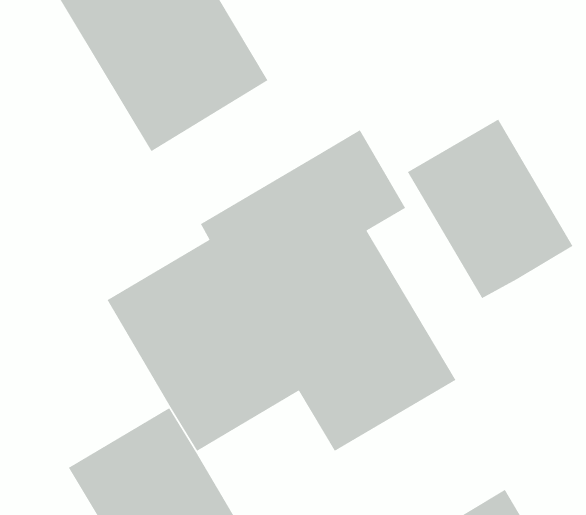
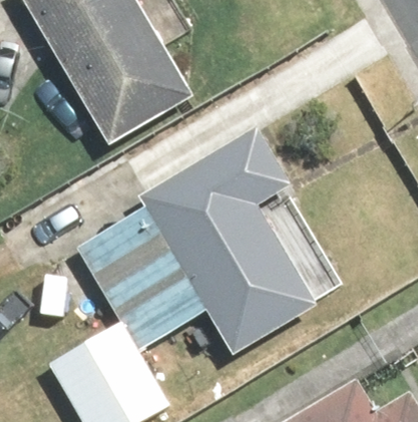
building: [407,119,574,299] -> none

